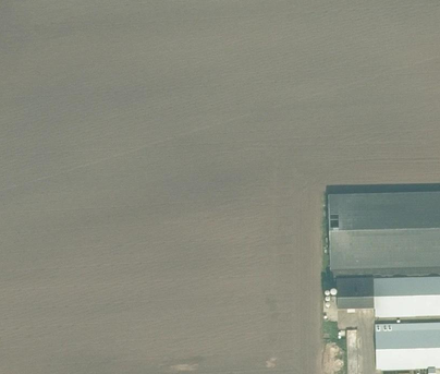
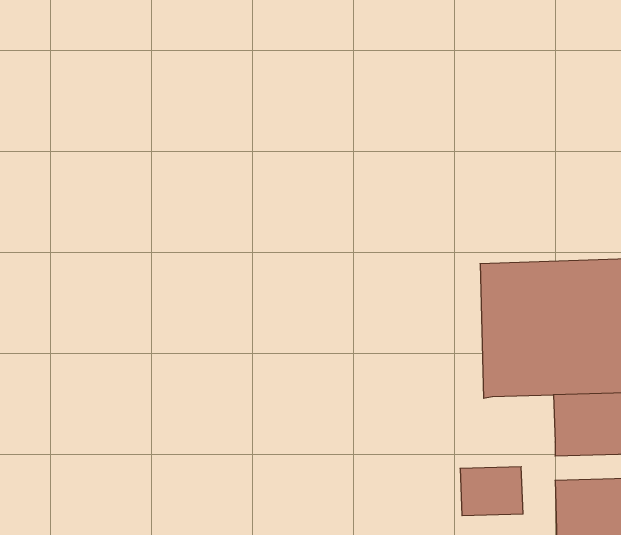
building: [337,277,376,307] -> [460,467,523,516]

